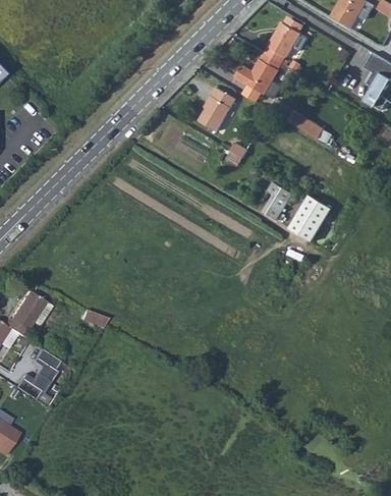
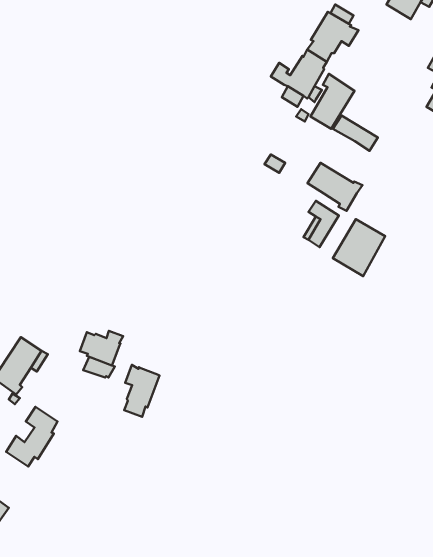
building: [200,82,236,128] -> [311,74,354,129]
building: none -> [308,163,362,211]
building: none -> [80,331,123,365]
building: none -> [124,365,160,417]

